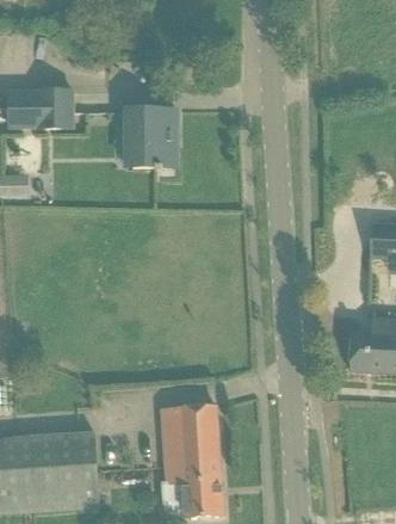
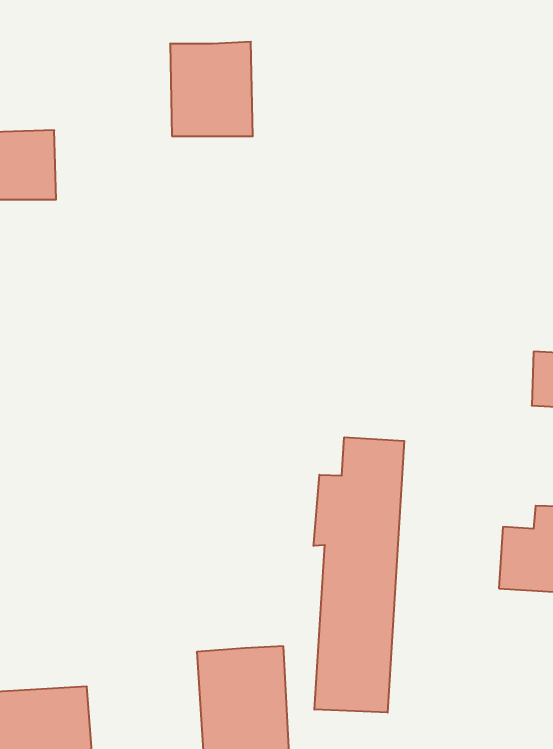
building: [124,109,175,167] -> [170,42,253,136]
building: none -> [314,437,404,713]

